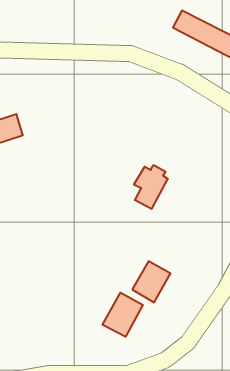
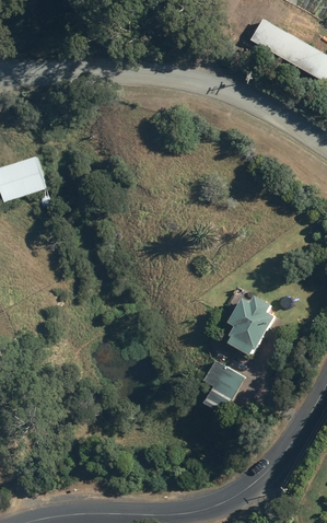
building: [134,165,168,209] -> [227,295,273,355]
building: [103,293,143,337] -> none

